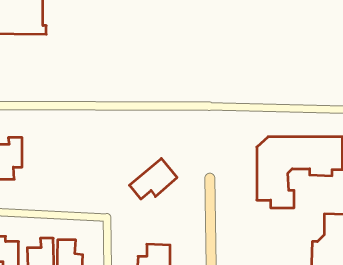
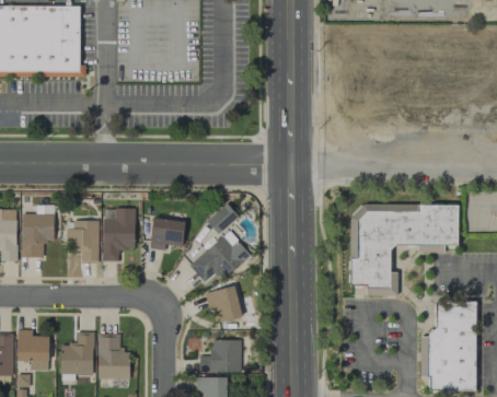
building: none -> [206,202,238,233]
building: none -> [103,208,136,260]
building: none -> [151,219,185,249]
building: none -> [68,220,99,261]
building: none -> [205,284,243,323]

